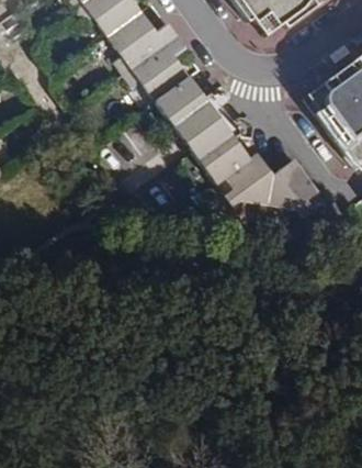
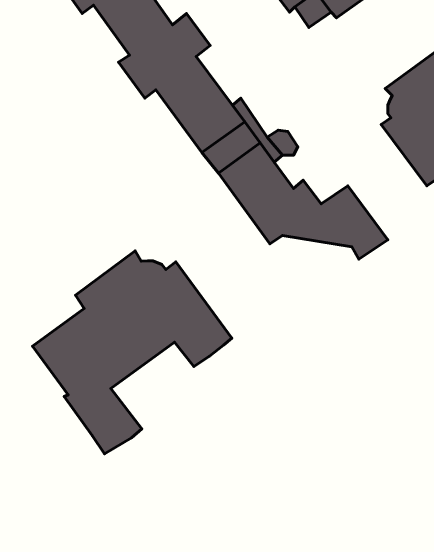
building: none -> [33,251,232,454]

